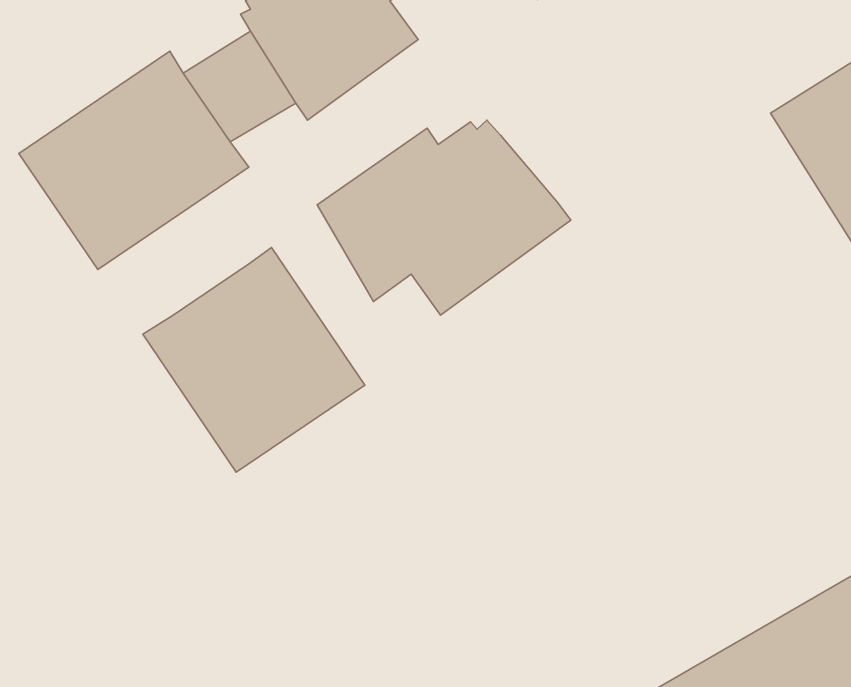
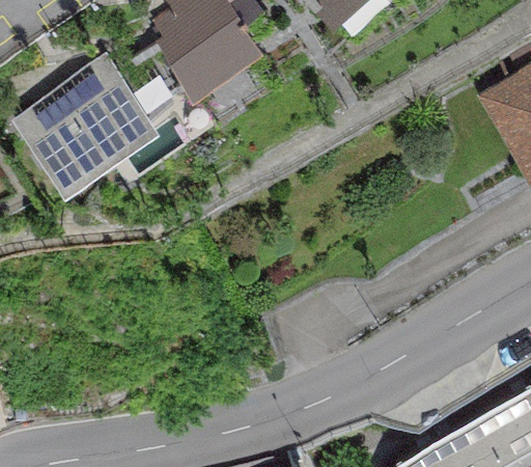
building: [317,120,571,315] -> none
building: [143,248,365,472] -> none

